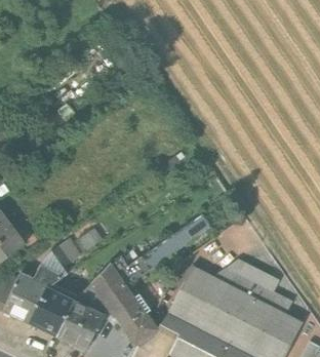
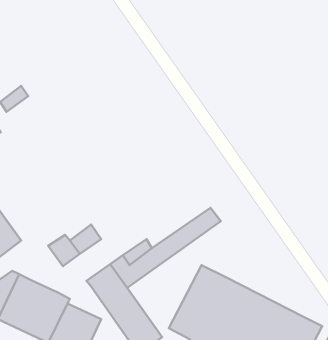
building: [38,247,70,289] -> none
building: [214,259,291,312] -> none

